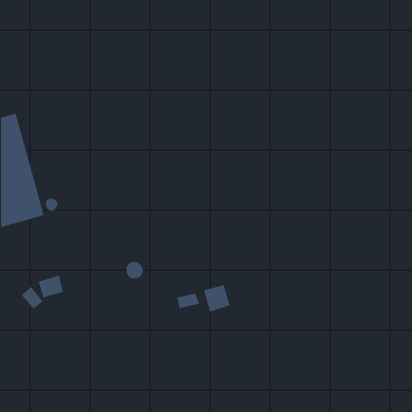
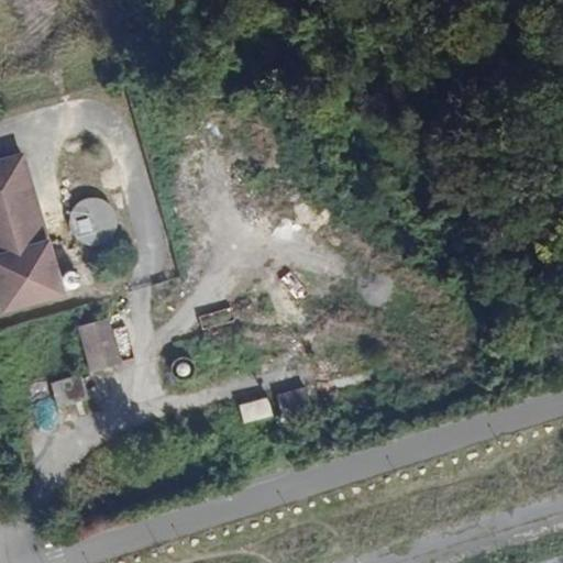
building: none -> [70,198,117,244]
building: none -> [78,318,120,372]

